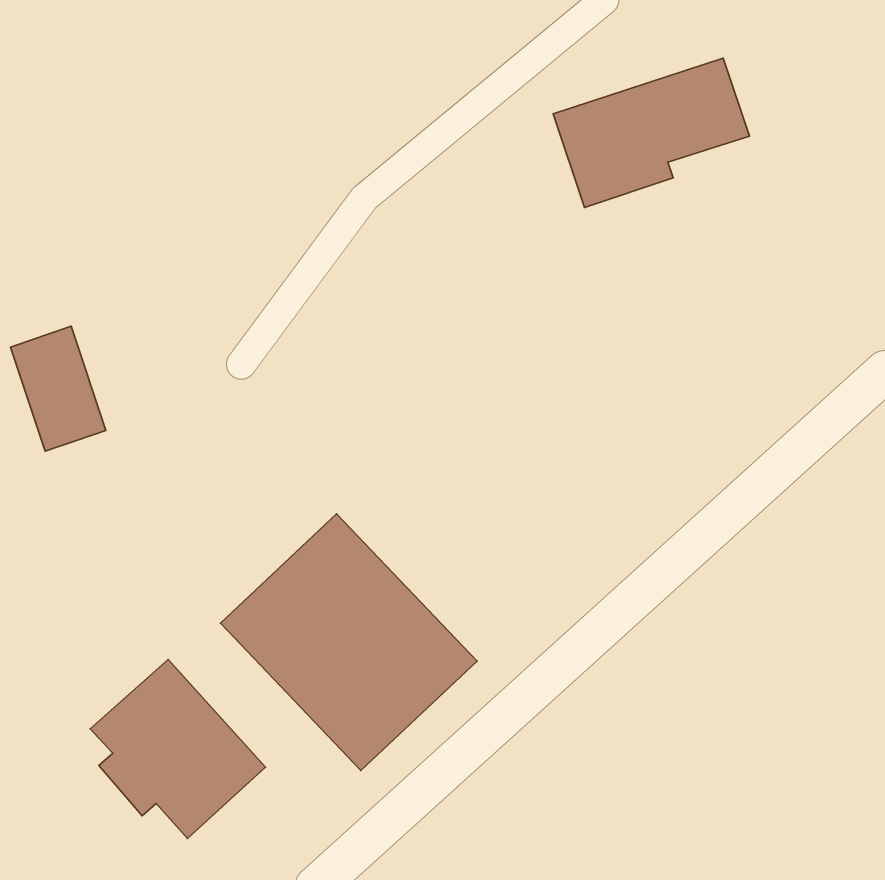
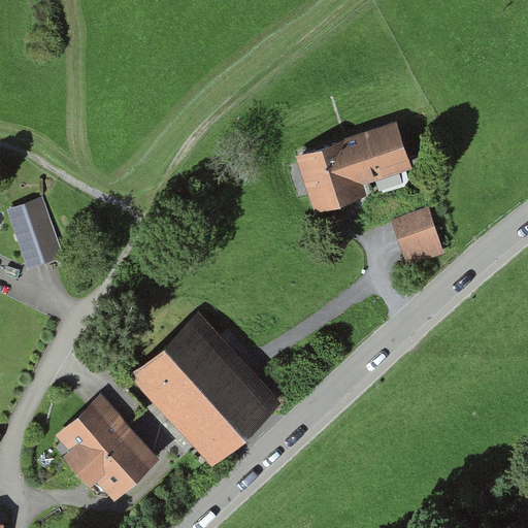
building: [553,58,749,207] -> [296,124,412,212]
building: none -> [393,210,446,269]

